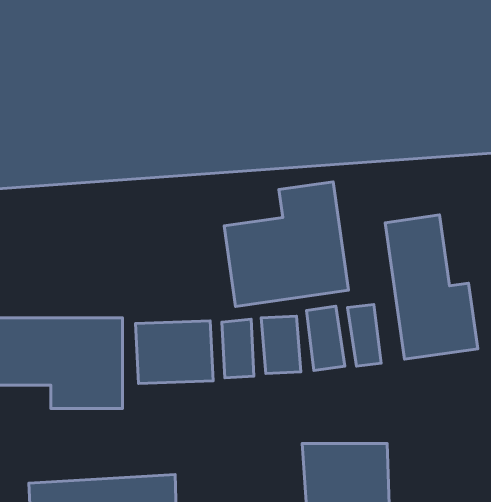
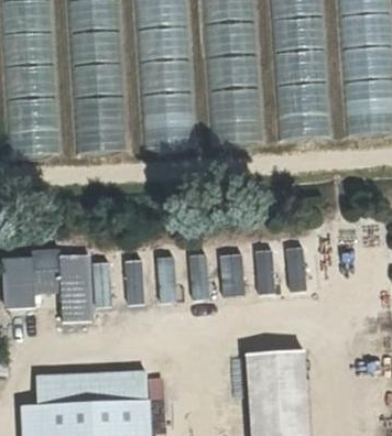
building: [224,182,349,306] -> none
building: [385,215,478,359] -> none

